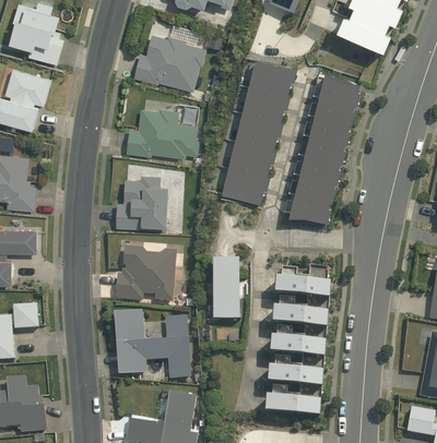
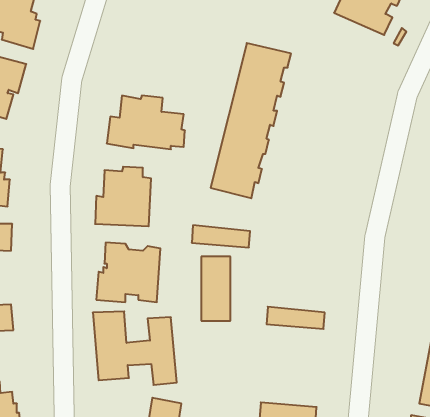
building: [131,34,204,92] -> none
building: [290,72,363,221] -> none
building: [276,276,331,297] -> [192,225,250,247]
building: [272,335,327,356] -> none
building: [269,366,324,385] -> none

